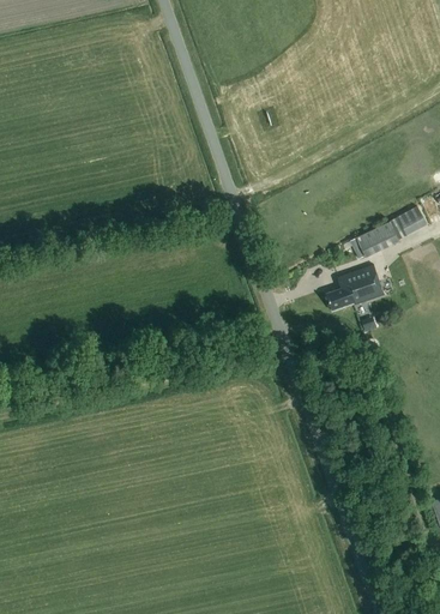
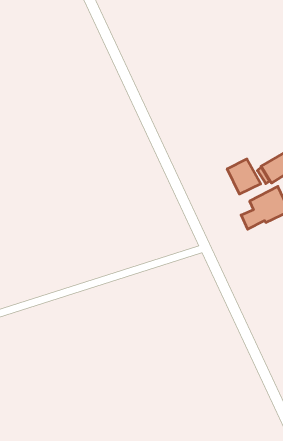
building: none -> [227,159,261,194]

